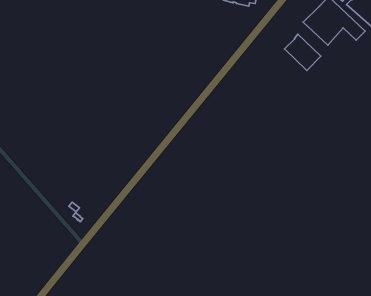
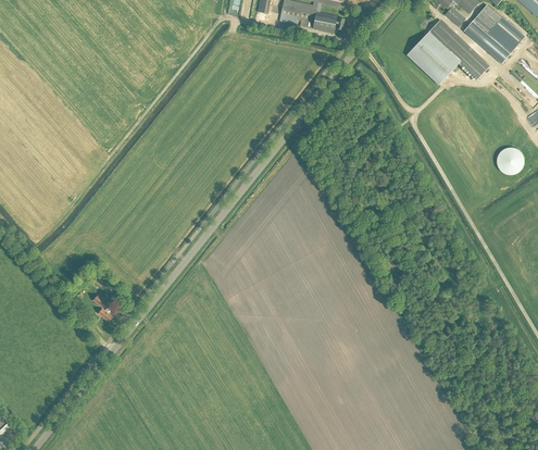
building: [285,34,321,71] -> none

